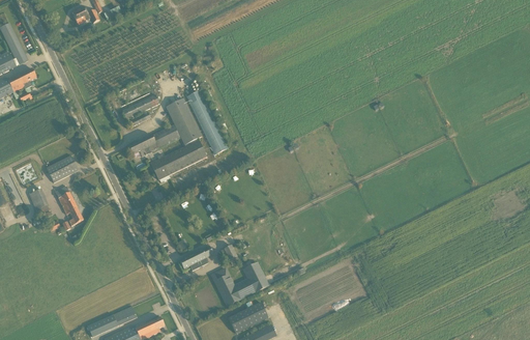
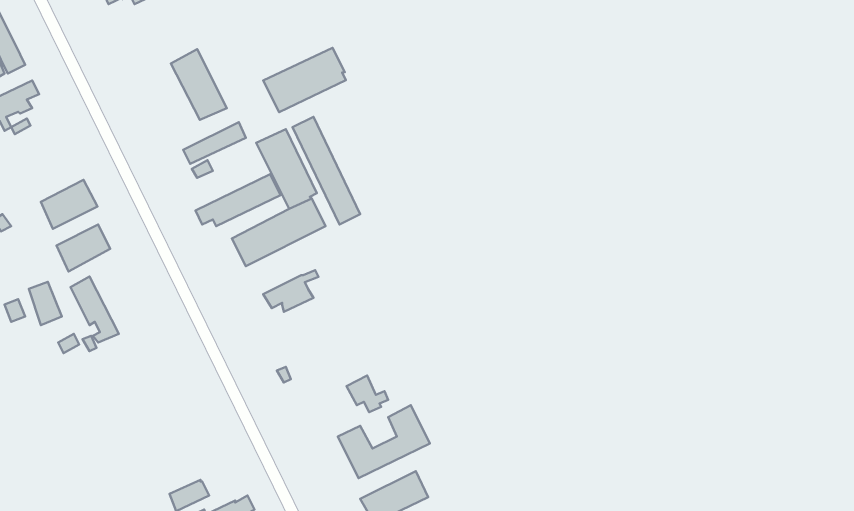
building: none -> [263,48,346,112]
building: none -> [171,49,227,120]
building: none -> [41,180,97,229]
building: [178,247,211,272] -> [263,270,319,312]

